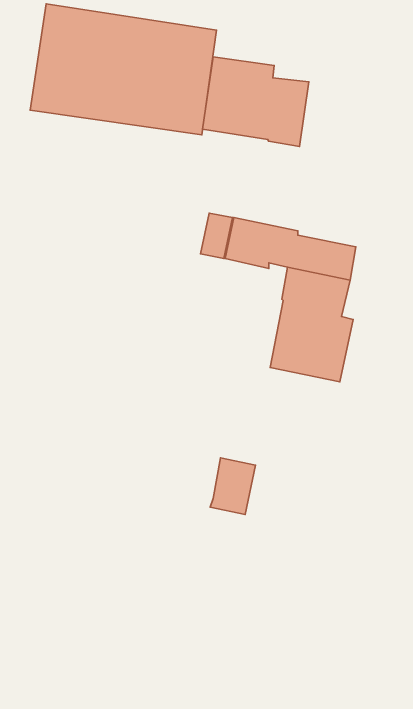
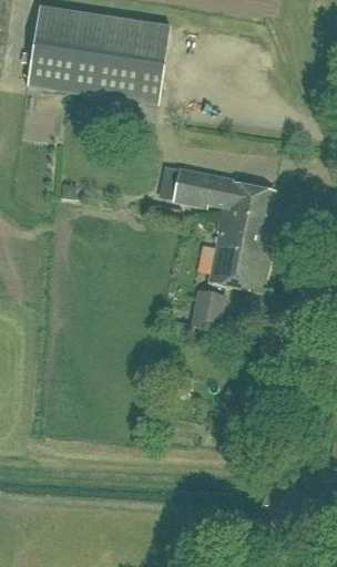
building: [203,57,309,147] -> none
building: [210,458,255,515] -> [190,288,224,331]

